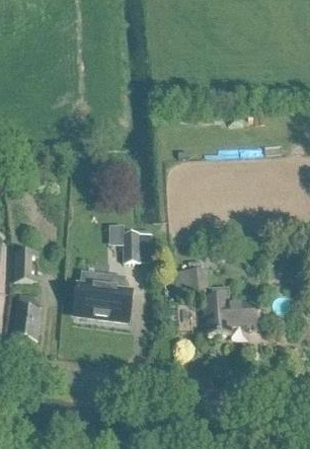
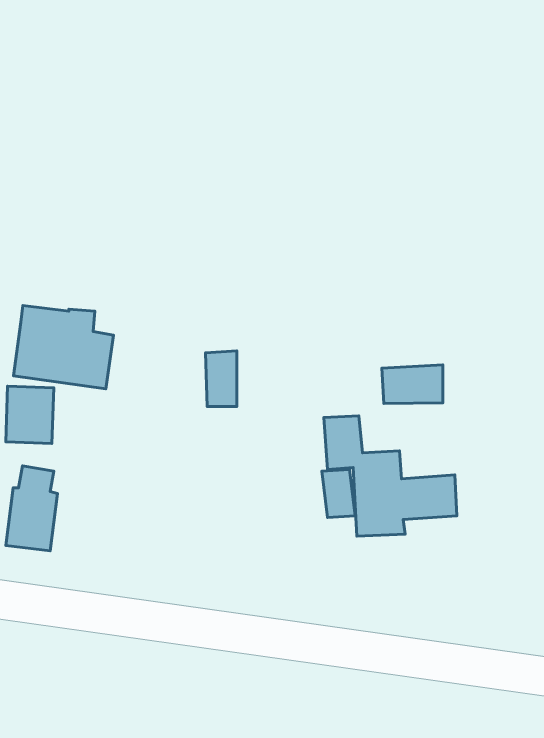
building: none -> [382,365,443,404]
building: [76,273,131,318] -> [14,306,113,389]

